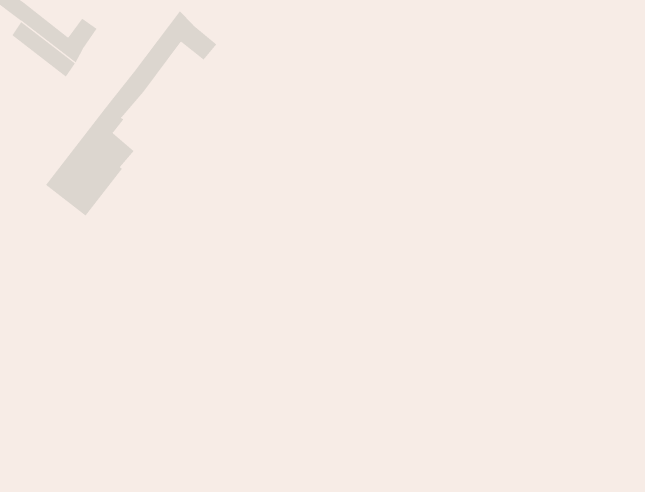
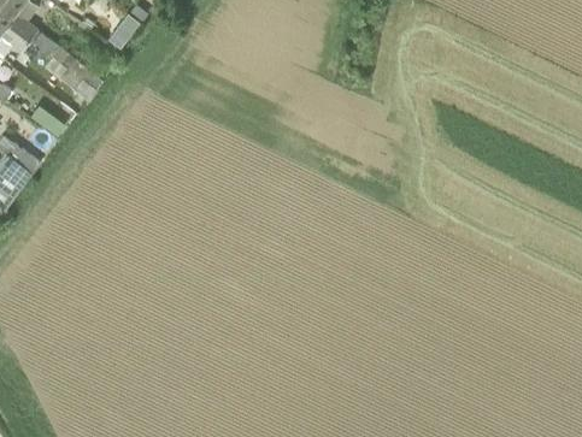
building: [45,11,217,216] -> none

